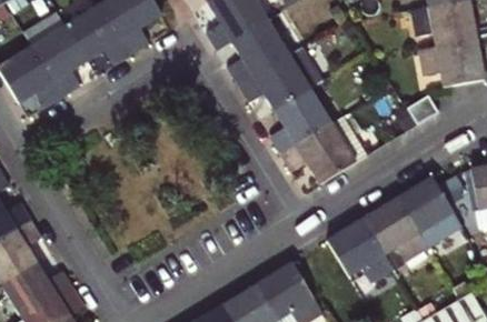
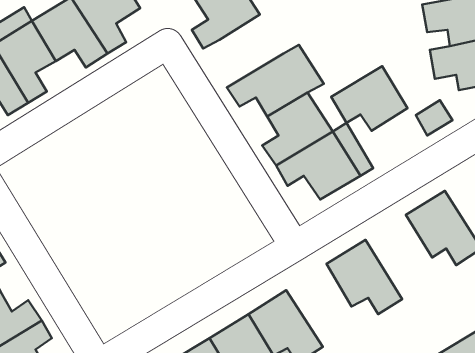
building: [227,19,288,83] -> none
building: none -> [331,66,407,131]
building: [360,195,428,270] -> none

